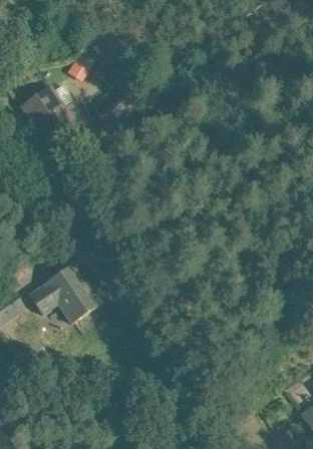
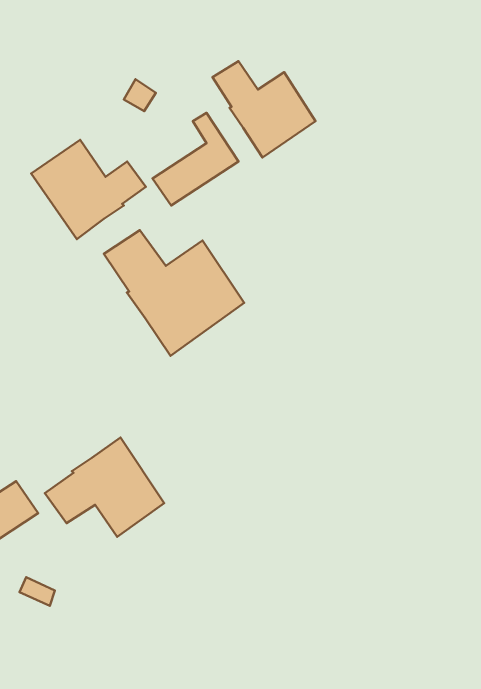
building: none -> [212,61,316,158]
building: none -> [104,230,244,356]

